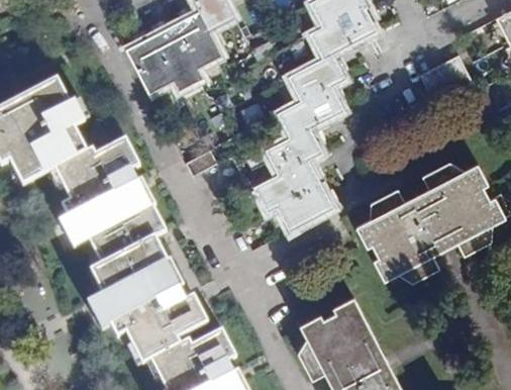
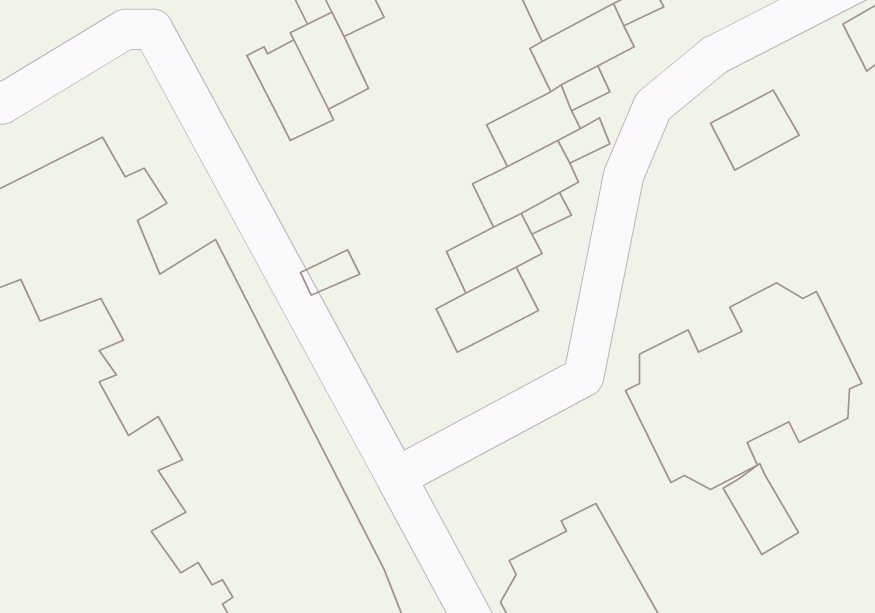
building: [120,35,168,92] -> none
building: [274,184,326,229] -> none
building: none -> [723,464,799,555]

